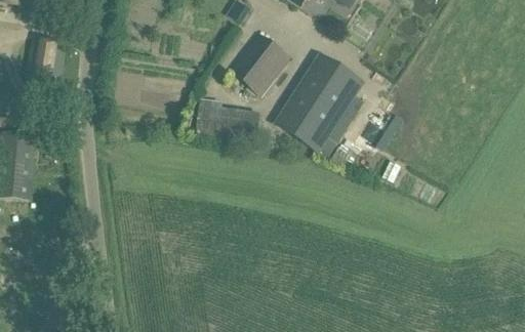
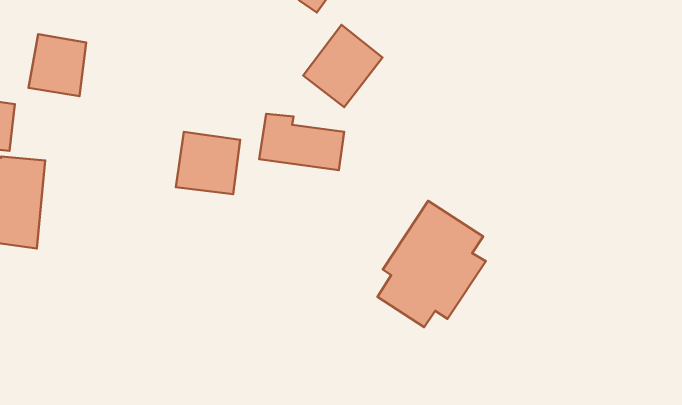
building: [281,54,362,149] -> [377,201,486,327]
building: none -> [176,132,240,194]

